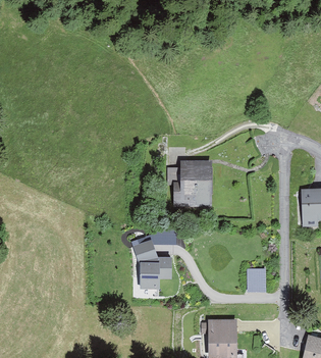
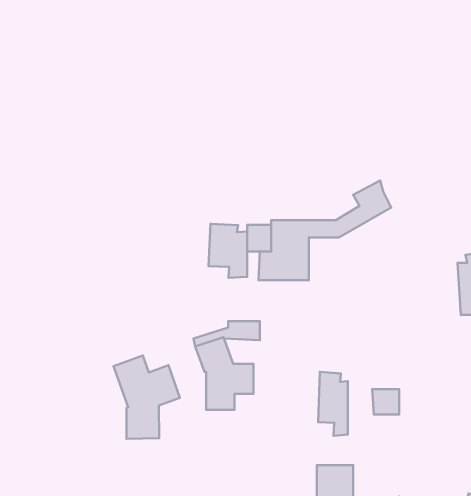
building: none -> [209,224,247,278]
building: none -> [114,355,180,439]
building: none -> [318,372,348,436]

